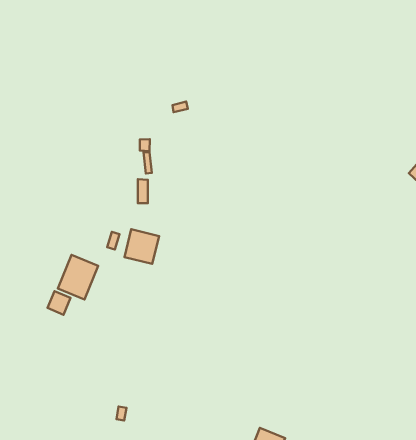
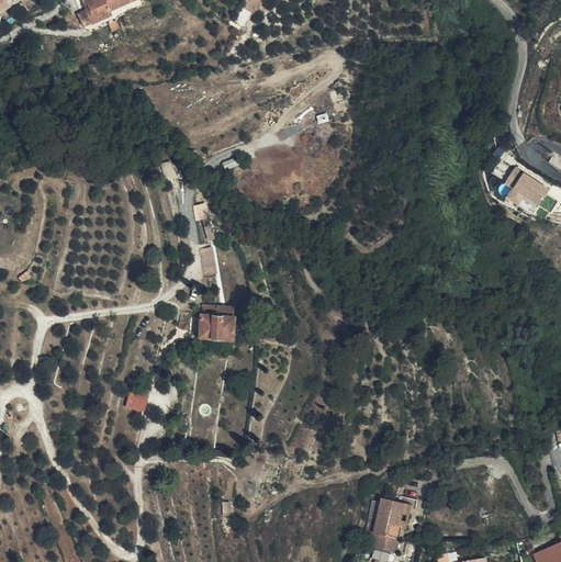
building: [58,255,98,299] -> none

